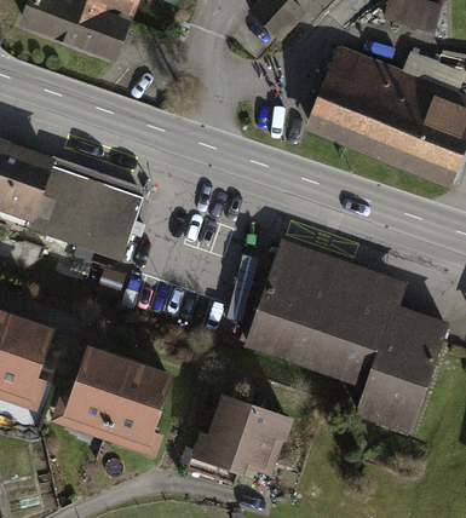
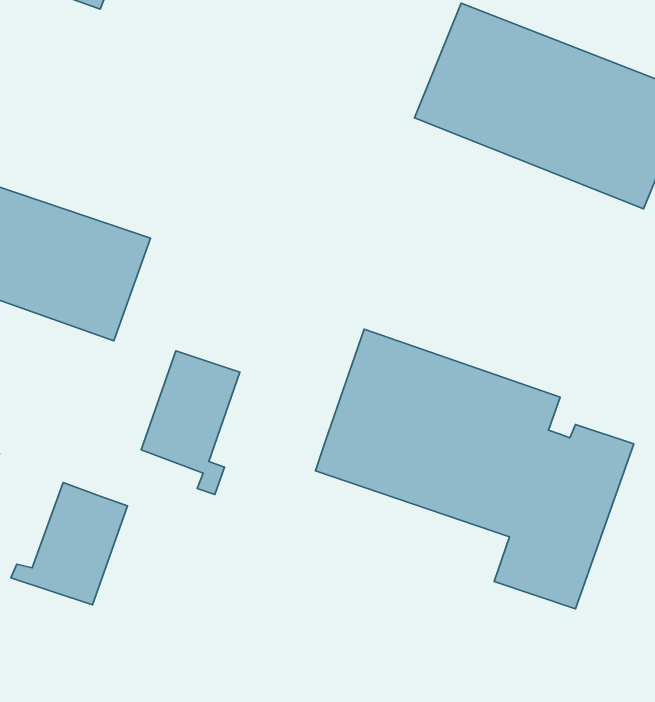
building: [107,364,168,454] -> [141,351,240,494]
building: [203,398,286,470] -> none

